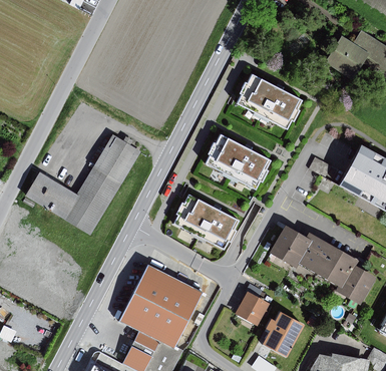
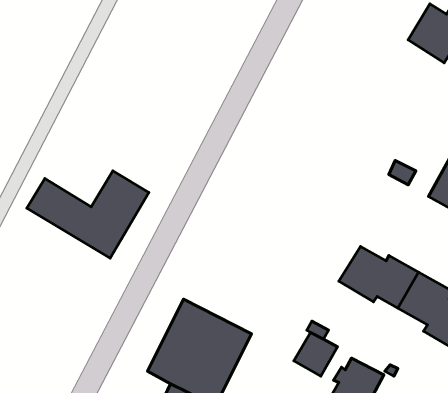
building: [235,73,300,127] -> none
building: [93,134,140,182] -> none
building: [205,134,270,189] -> none
building: [170,195,236,249] -> none

